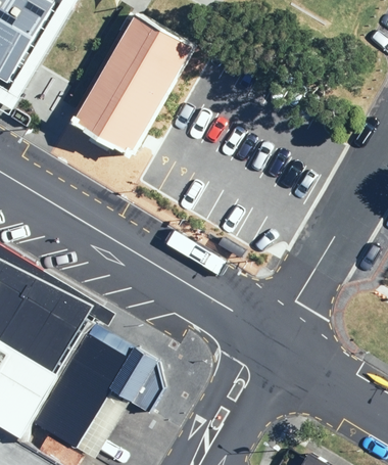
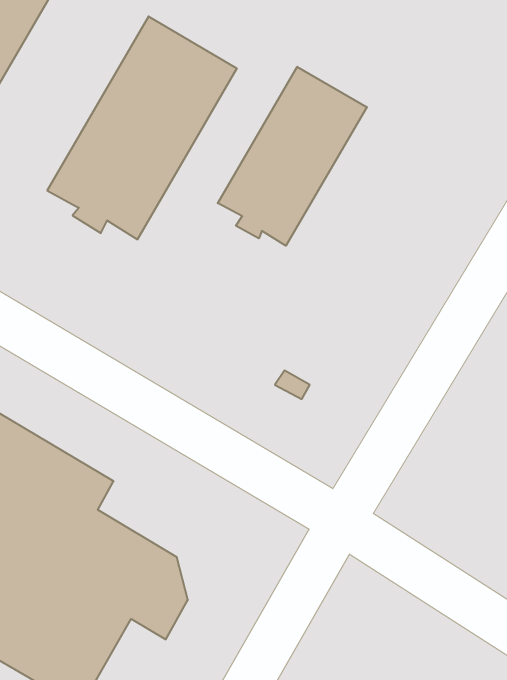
building: none -> [218,67,367,246]

